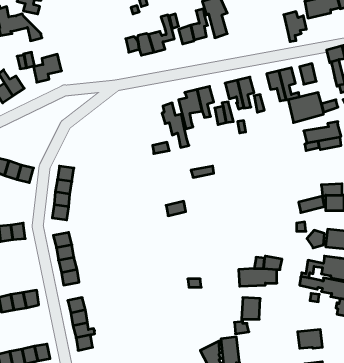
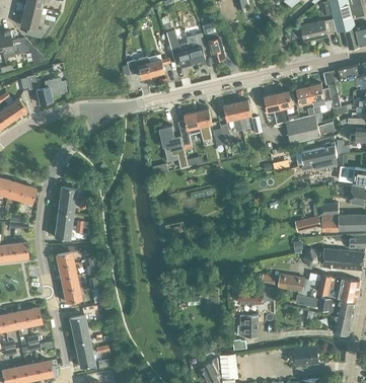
building: [284,12,306,42] -> [308,84,331,113]
building: none -> [277,275,304,293]

